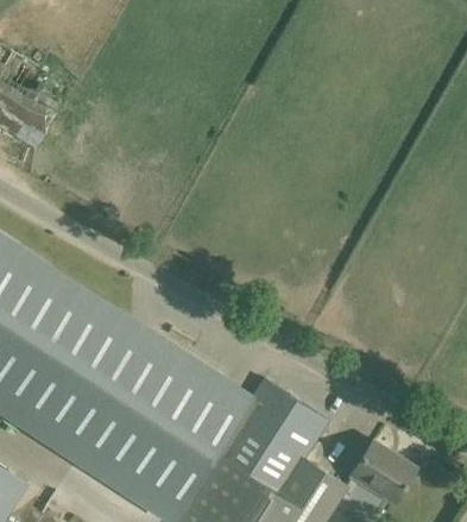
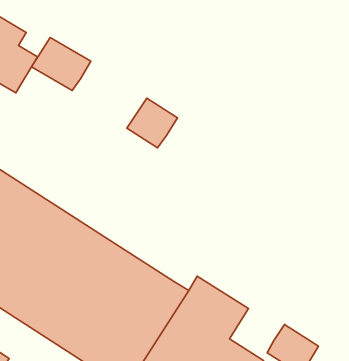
building: none -> [32,37,91,91]
building: none -> [127,98,178,148]

